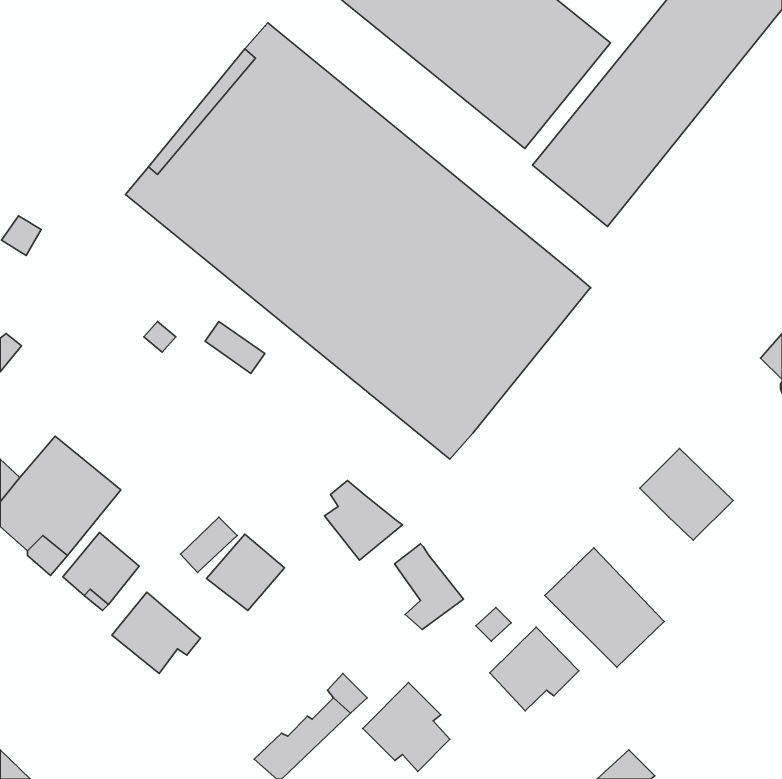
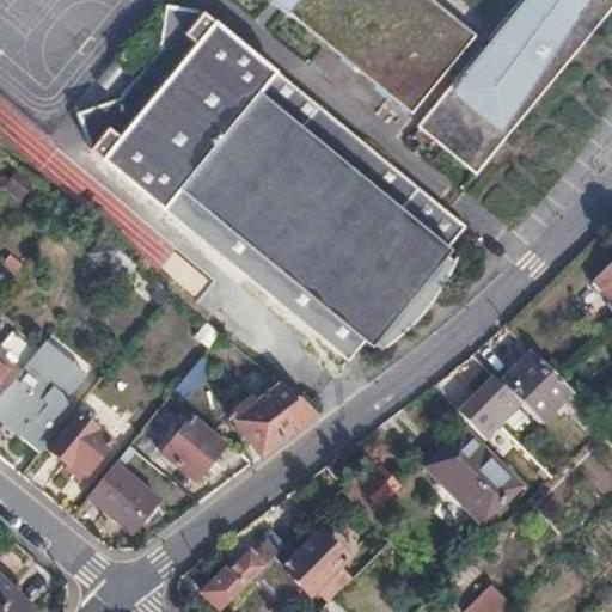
building: none -> [457,375,522,441]
building: [395,544,463,630] -> [227,394,281,461]
building: [490,627,579,711] -> none

